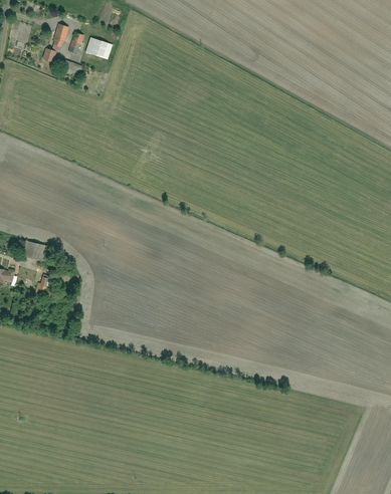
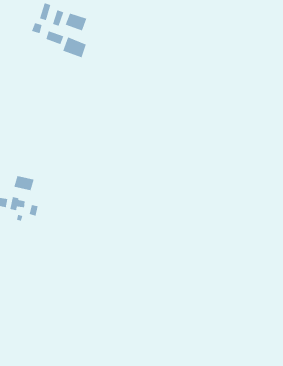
building: none -> [63,36,87,58]

